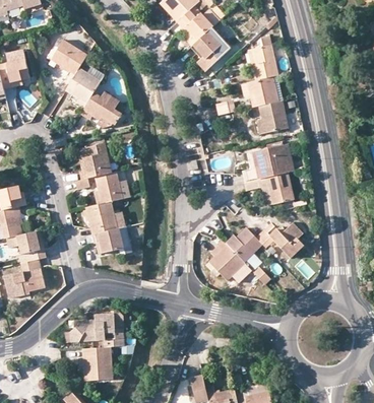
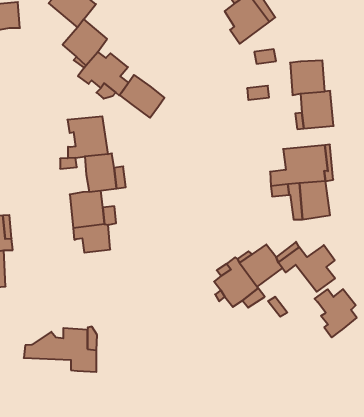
building: [251,35,277,79] -> none
building: none -> [120,75,164,118]
building: none -> [315,289,357,337]
building: [82,346,112,380] -> none

